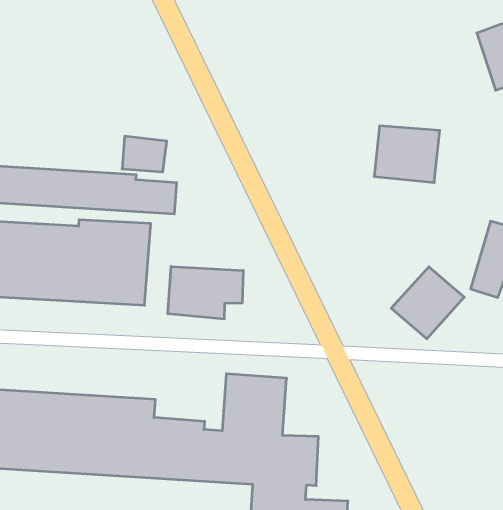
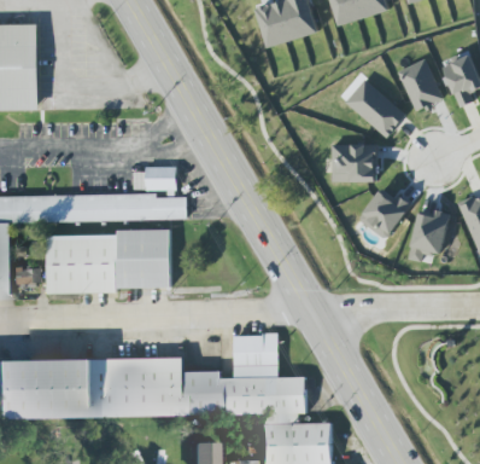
building: none -> [345,79,406,138]
building: [168,266,243,319] -> none
building: [391,267,464,339] -> [358,186,411,239]

